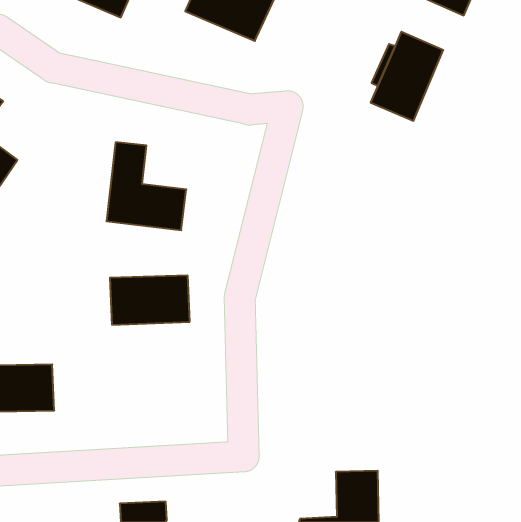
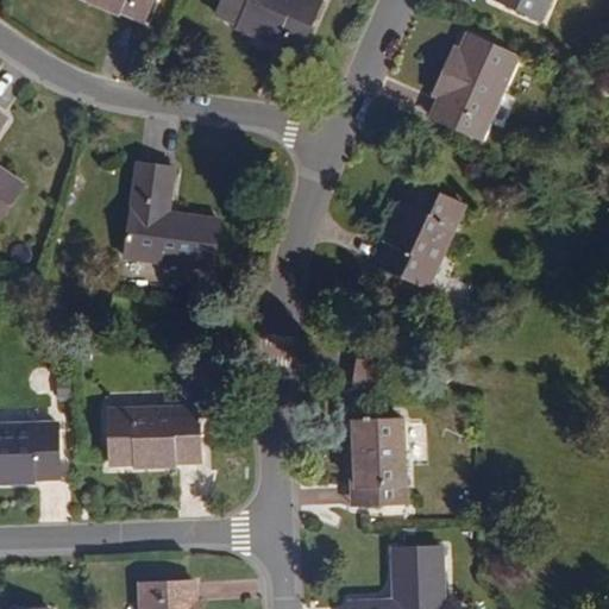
building: none -> [379,186,465,288]
building: [110,276,190,325] -> [108,408,201,465]
building: none -> [353,417,403,503]

